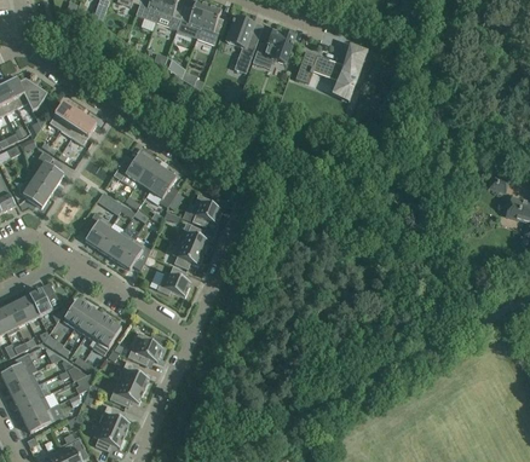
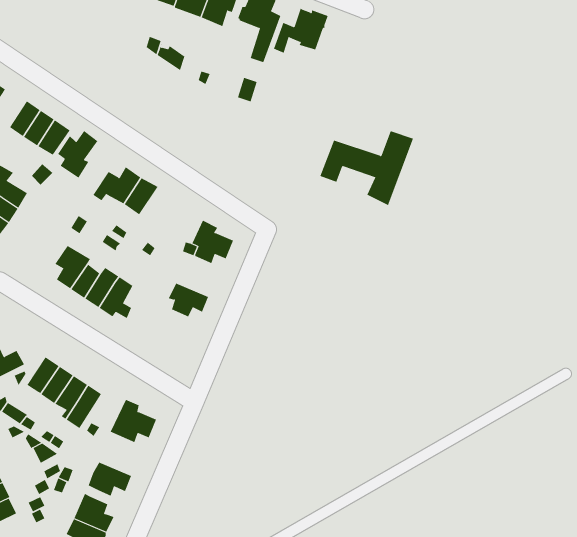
building: [295,44,368,102] -> [319,131,414,206]
building: none -> [58,130,98,178]
building: [146,168,179,207] -> none
building: [178,221,209,253] -> none
building: [157,266,191,296] -> none
building: [119,360,150,391] -> none

